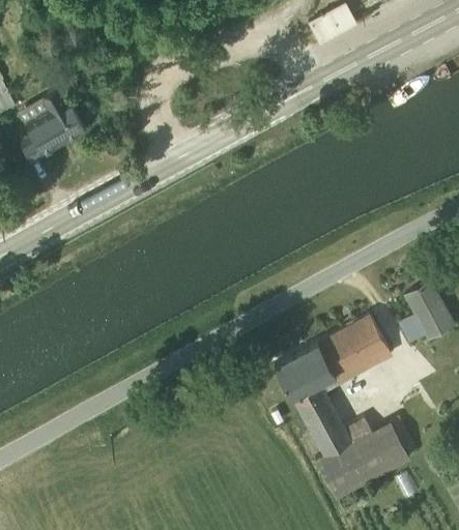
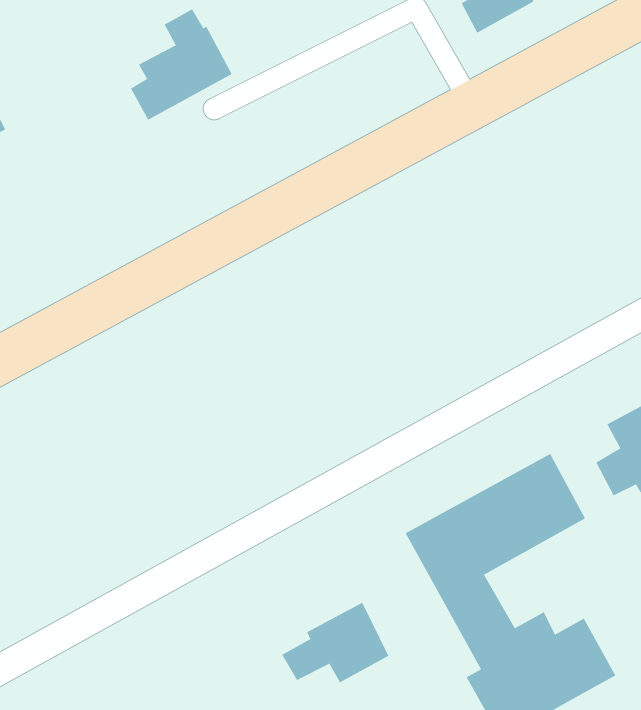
building: [18,88,84,160] -> [130,8,233,120]
building: none -> [282,602,389,683]

